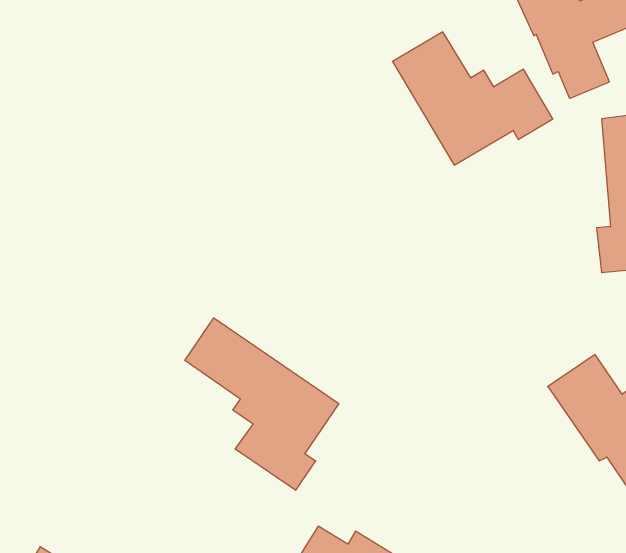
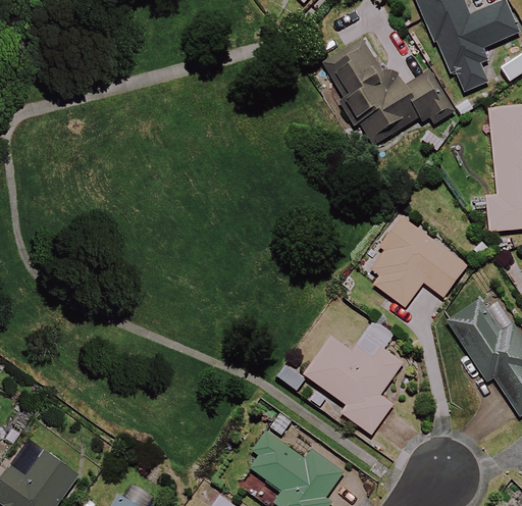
building: none -> [372,215,469,306]
building: [185,318,339,490] -> none
building: none -> [305,334,404,434]

